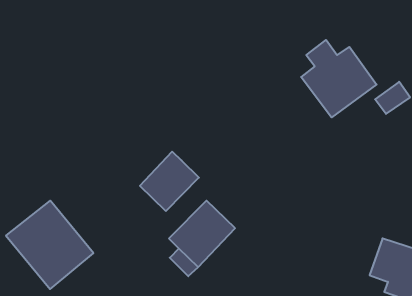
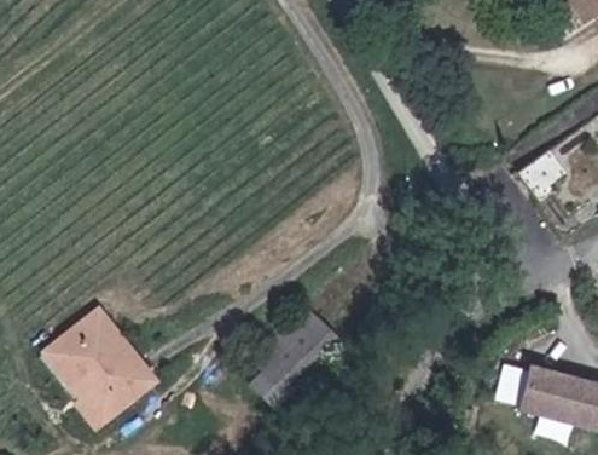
building: [301,40,377,117] -> none
building: [140,152,199,211] -> none

